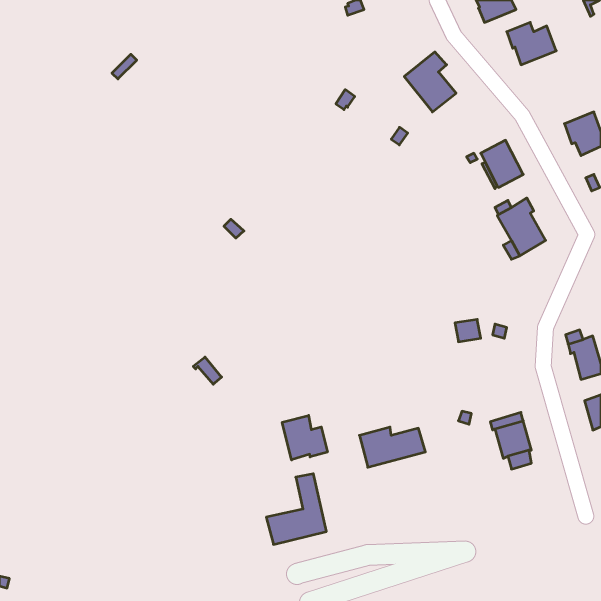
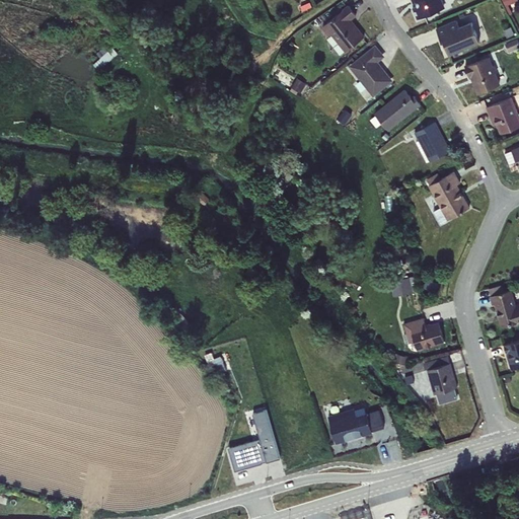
building: none -> [318,5,365,53]
building: none -> [463,58,500,95]
building: none -> [374,89,420,132]
building: none -> [402,318,444,351]
building: [282,415,327,460] -> none
building: [359,427,425,467] -> [330,407,387,442]

